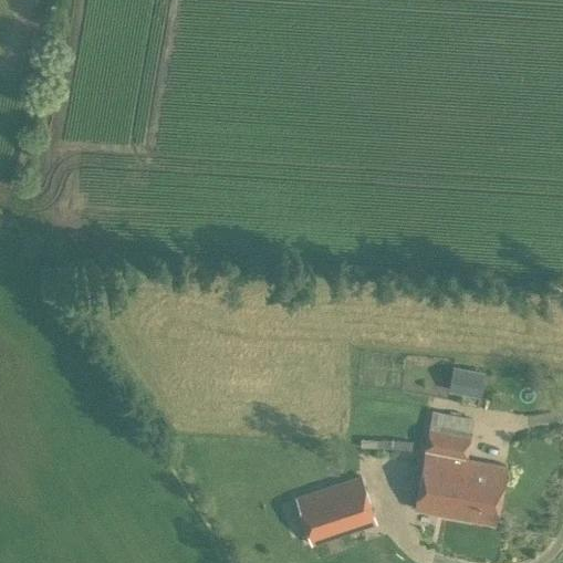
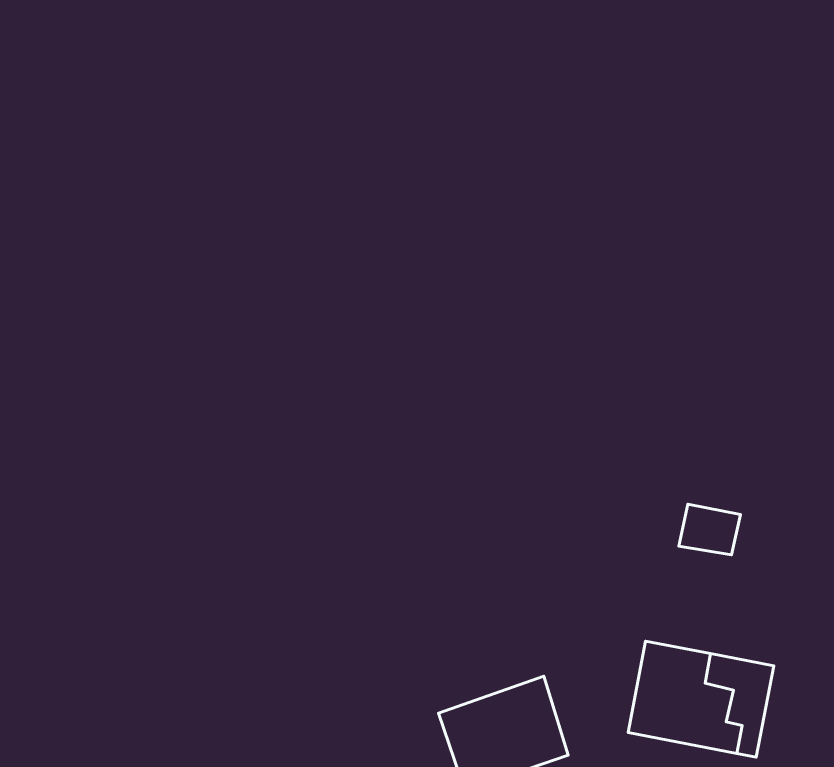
building: [424,413,470,460] -> none

